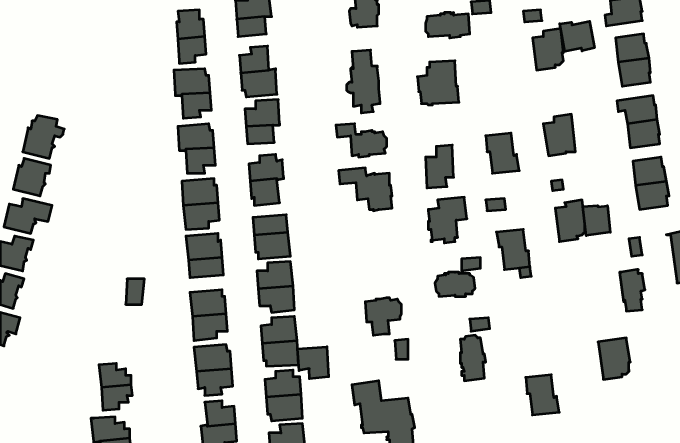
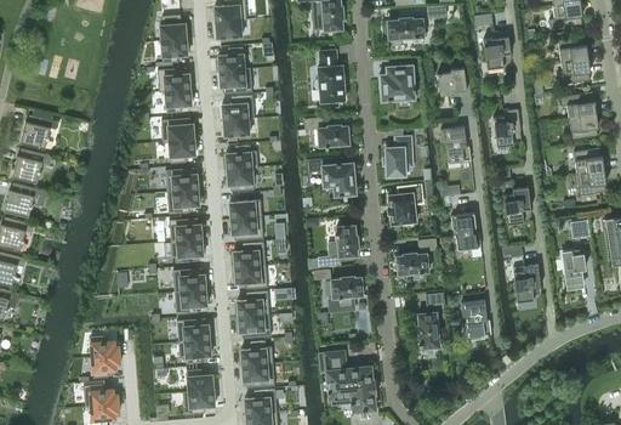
building: [560,21,594,51] -> none
building: none -> [428,68,466,96]
building: [583,206,610,236] -> none
building: none -> [321,225,358,266]
building: [598,338,630,379] -> [512,265,541,302]
building: [298,347,329,379] -> none
building: [526,375,559,415] -> [461,300,491,336]

